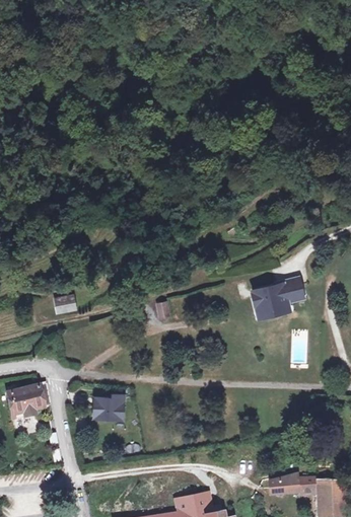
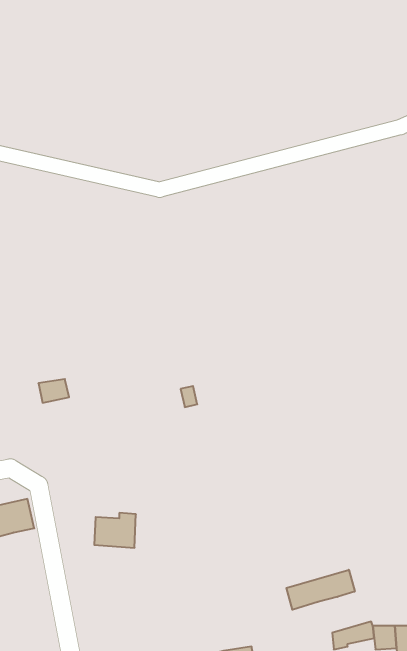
building: [253,279,303,312] -> none
building: none -> [286,570,355,610]

